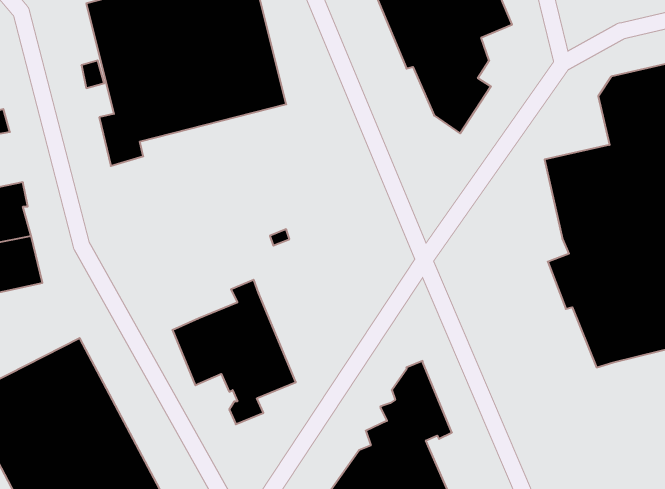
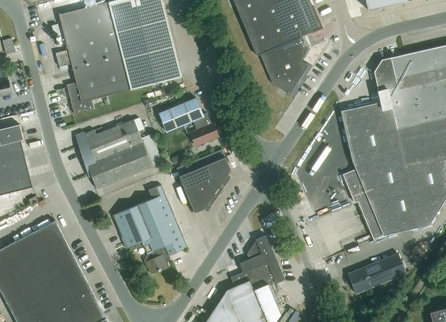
building: none -> [159,98,218,146]
building: none -> [76,119,162,189]
building: none -> [179,157,231,213]
building: none -> [348,253,406,293]

